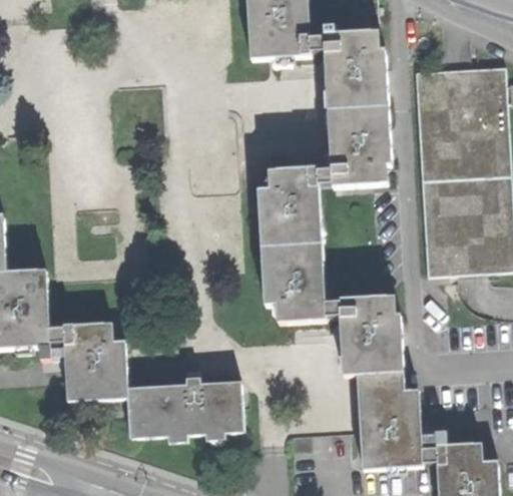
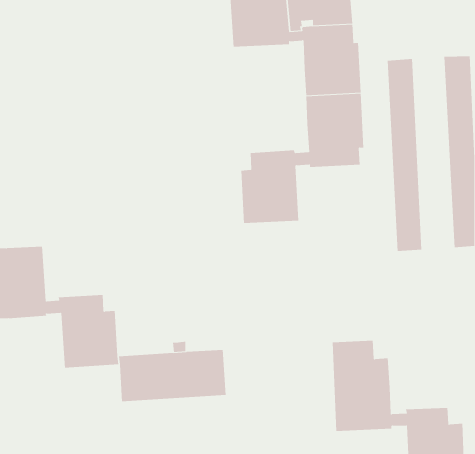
building: [444,66,488,274] -> none
building: [262,242,402,374] -> none

